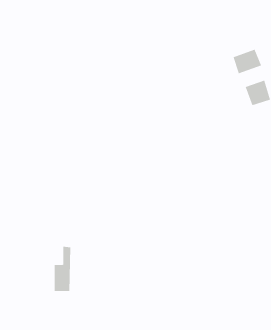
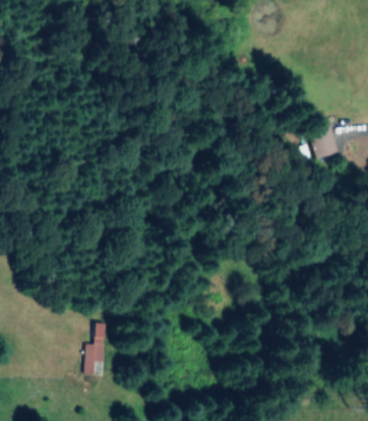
building: [233,49,262,74] -> none

